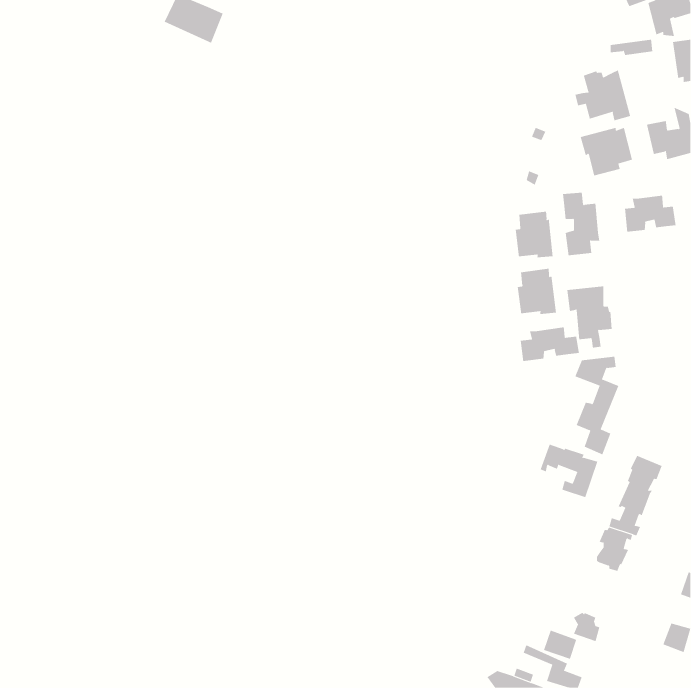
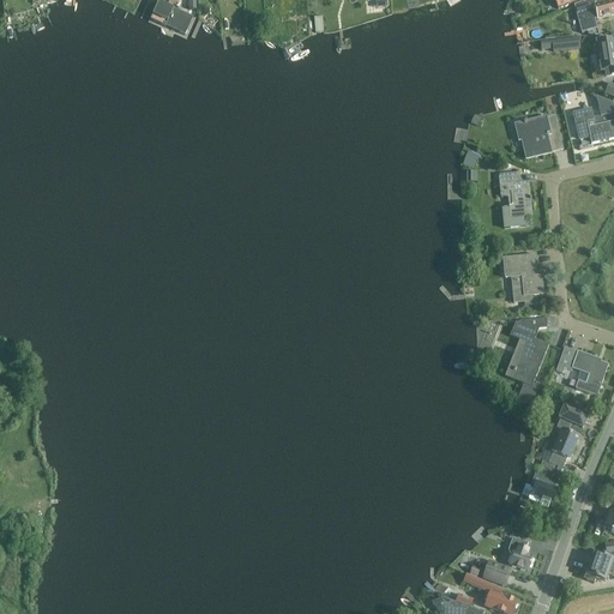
building: [575,70,631,121] -> none
building: [624,195,676,232] -> none
building: [515,211,553,258] -> none
building: [517,268,557,315] -> none
building: [520,327,579,362] -> none
building: [540,444,598,498] -> [555,345,607,393]

